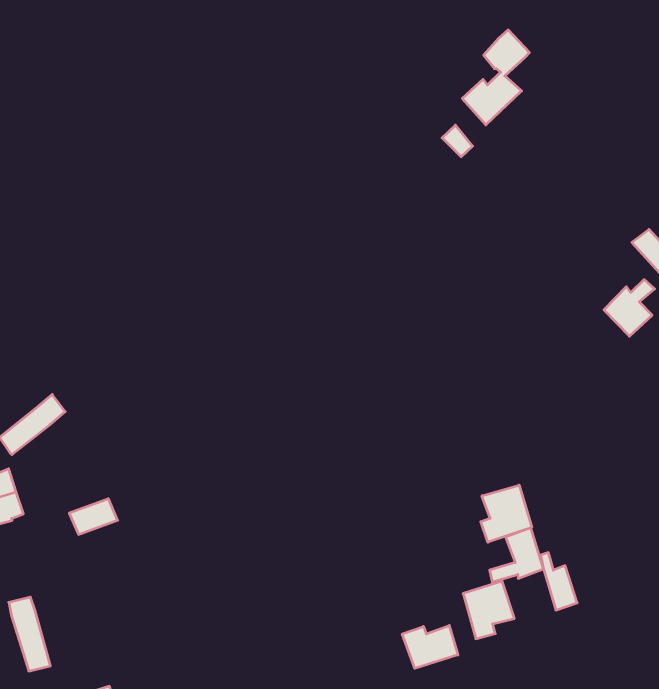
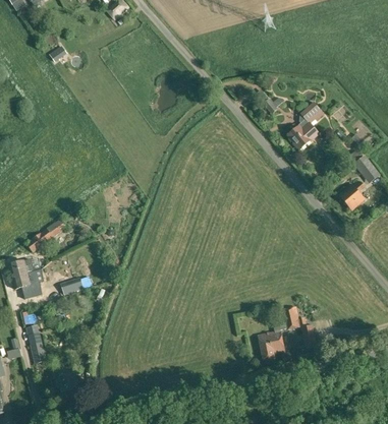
building: [462,30,529,125] -> [288,102,324,149]
building: [481,485,532,542] -> none
building: [402,625,458,668] -> none

